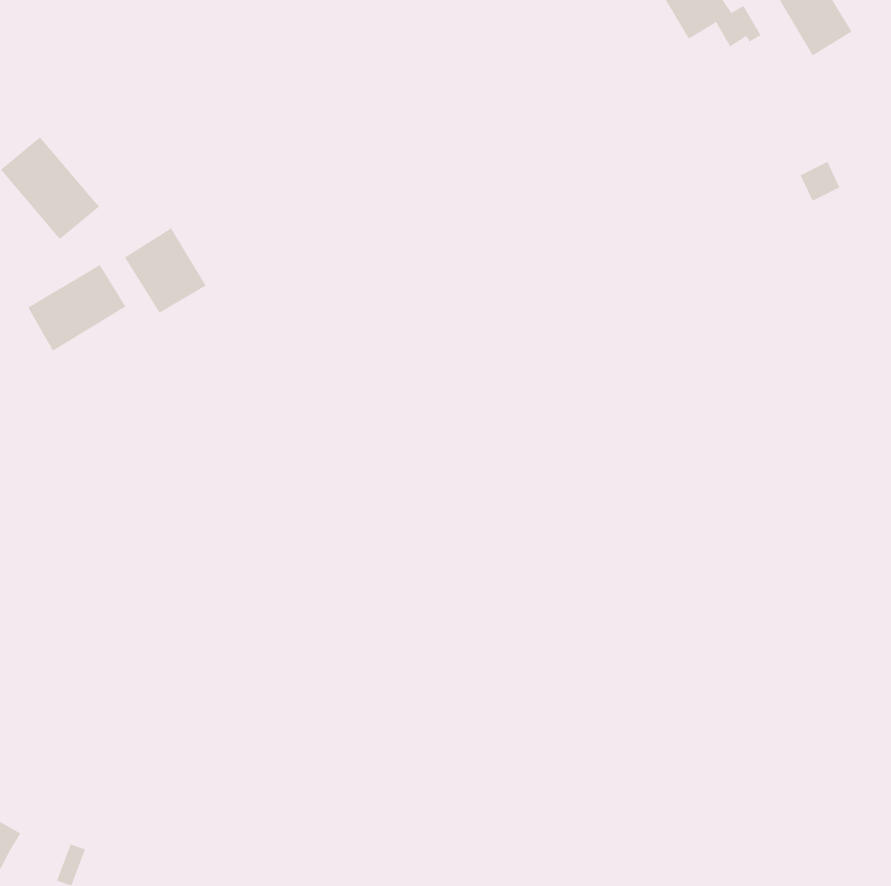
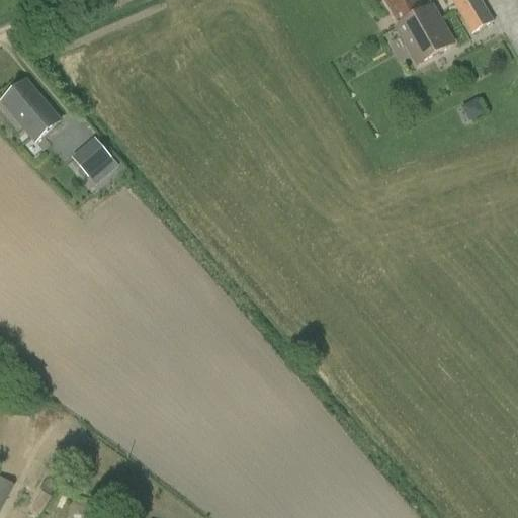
building: none -> [394,13,451,62]
building: [27,264,126,351] -> none

